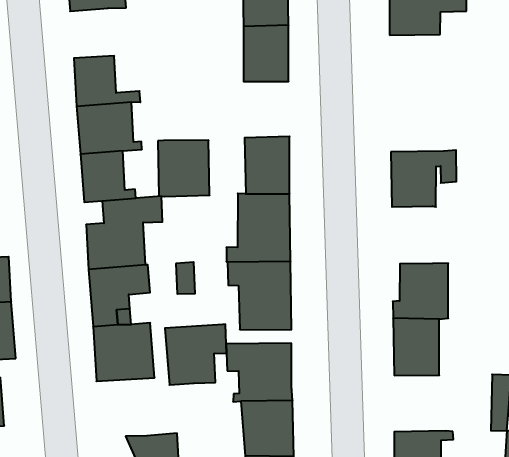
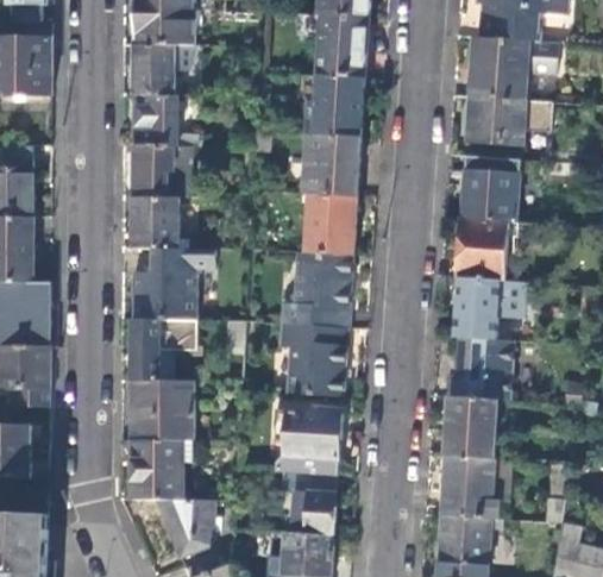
building: none -> [134,43,193,94]
building: none -> [467,95,551,145]
building: none -> [461,170,520,222]
building: [158,140,210,197] -> [302,132,359,194]
building: none -> [453,277,526,340]
building: [165,324,227,385] -> [131,437,195,498]
building: none -> [441,456,510,519]

